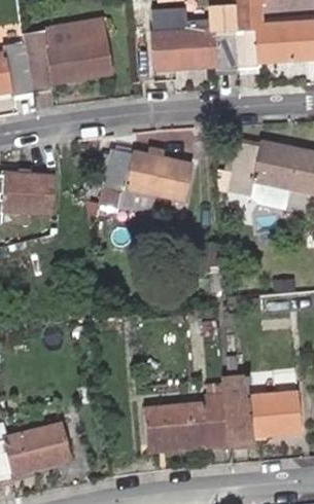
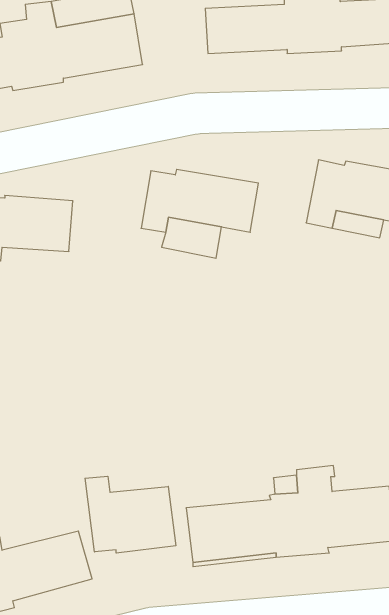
building: none -> [85,476,176,553]

